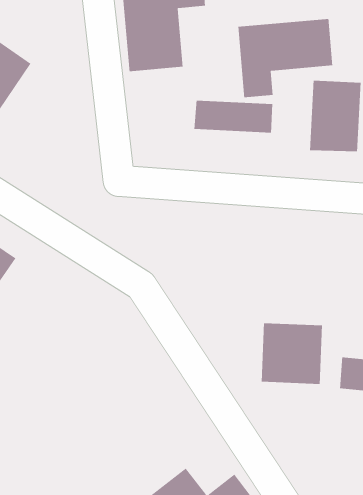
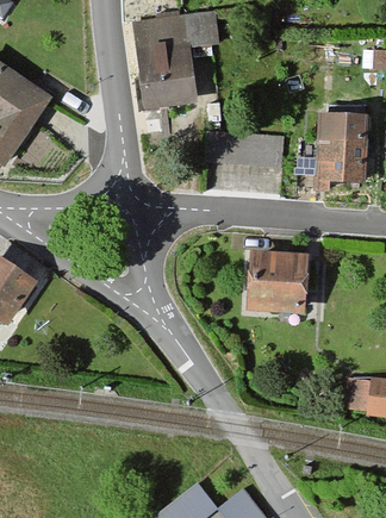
building: [238,18,333,98] -> none
building: [261,322,323,385] -> [249,251,309,311]

